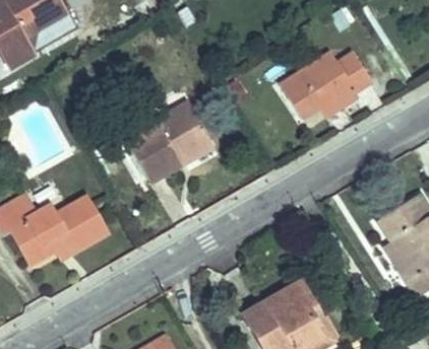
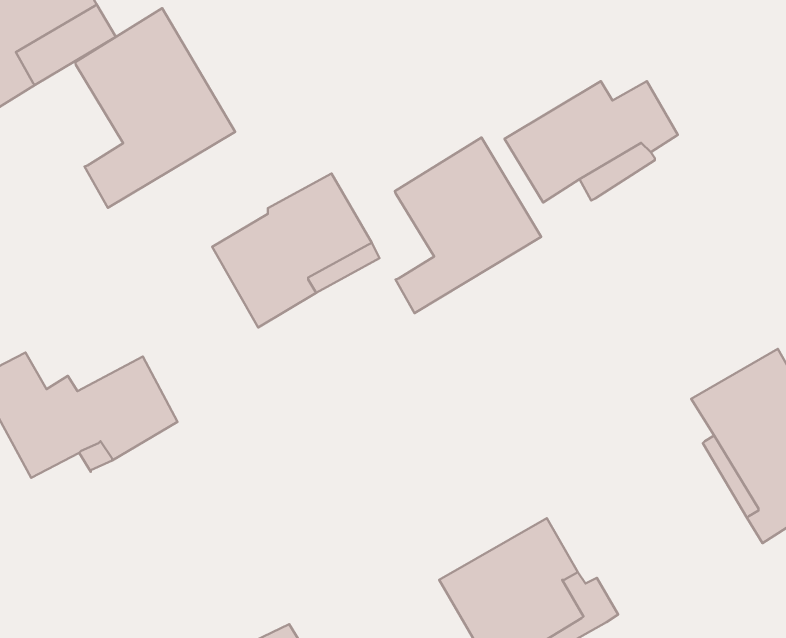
building: none -> [75,8,235,208]
building: none -> [395,137,541,313]

